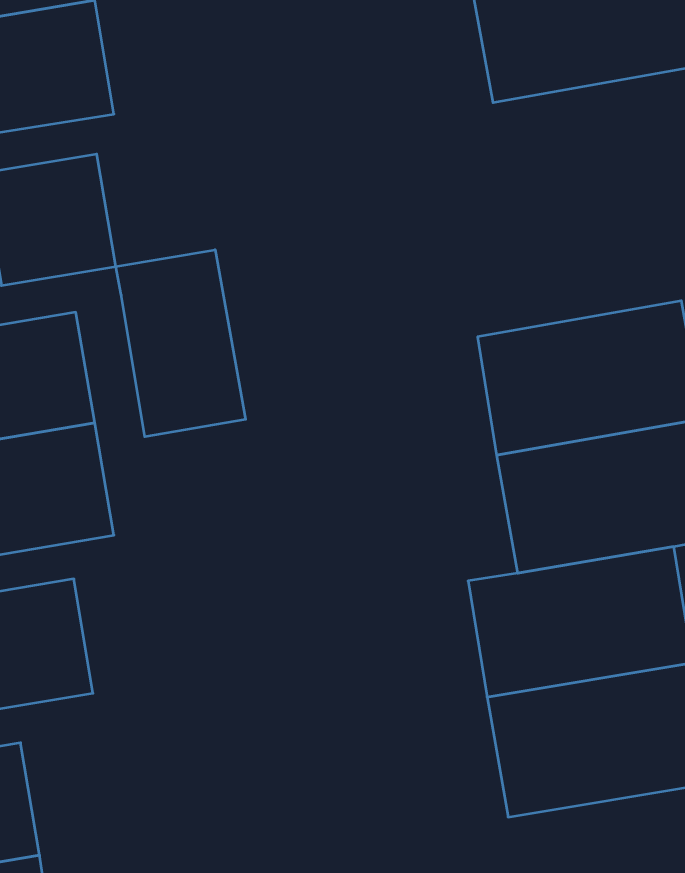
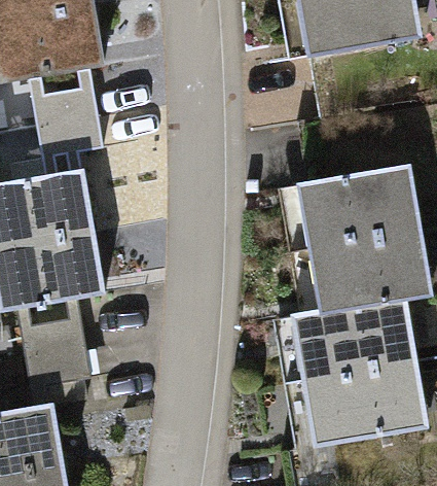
building: [116,250,246,437] -> none

